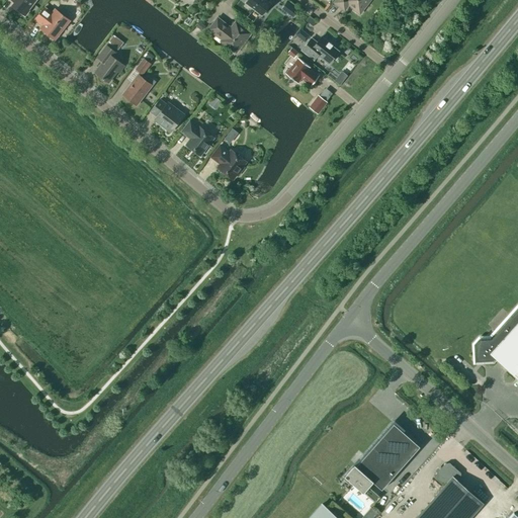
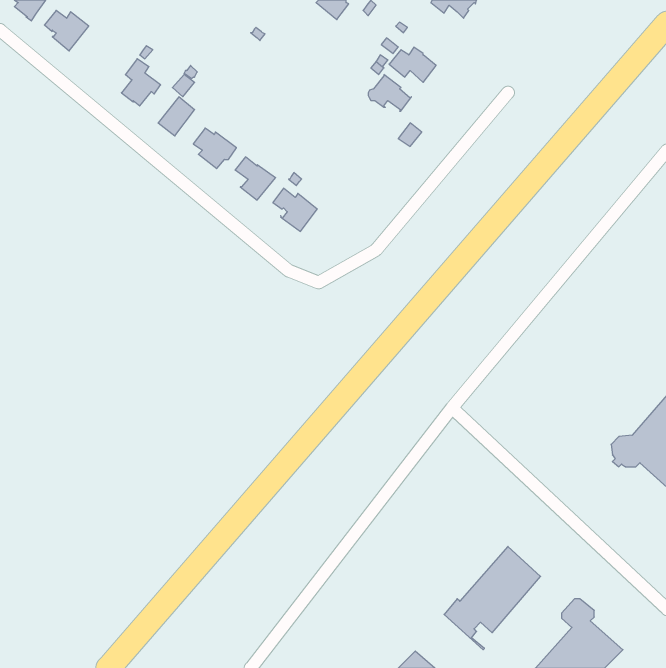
building: [209,18,251,52] -> none

